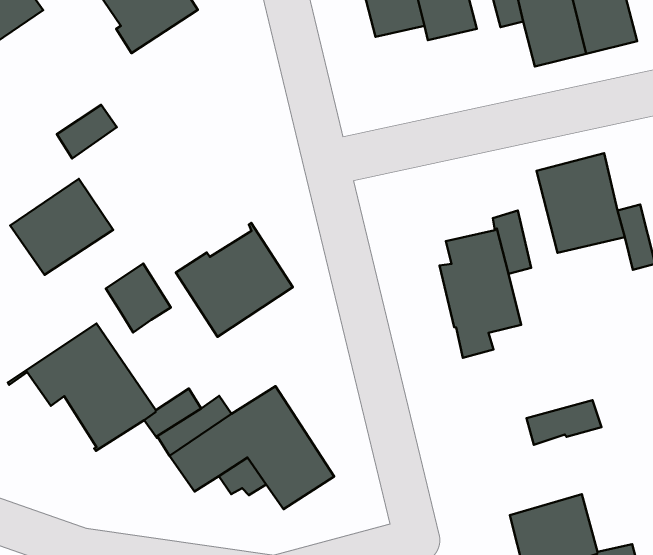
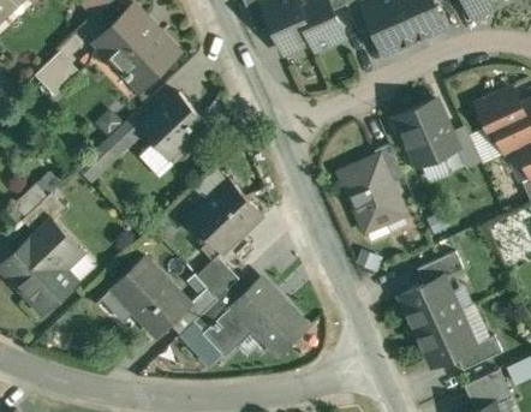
building: [10,179,113,275] -> [141,95,204,157]
building: [106,264,171,332] -> [195,256,237,299]
building: none -> [400,276,459,332]
building: none -> [179,321,221,365]

